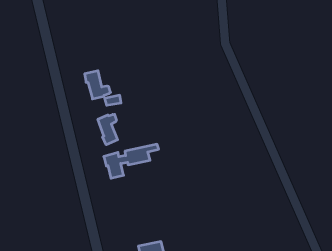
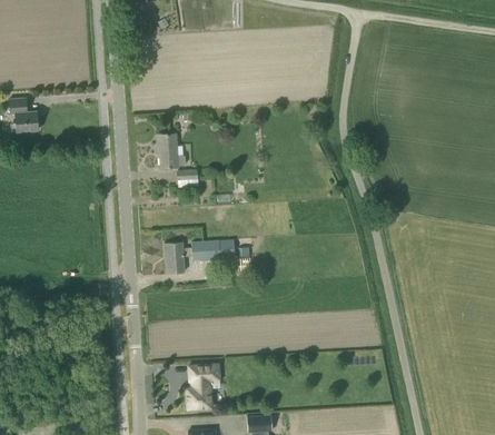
building: [98,114,118,145] -> none

